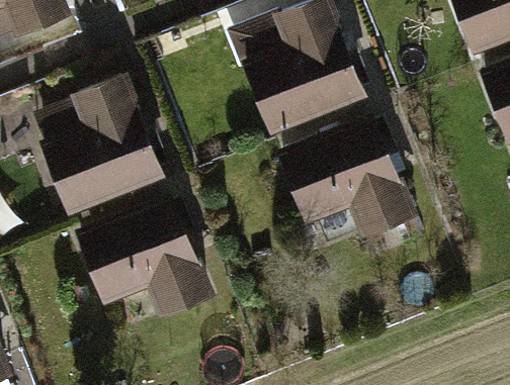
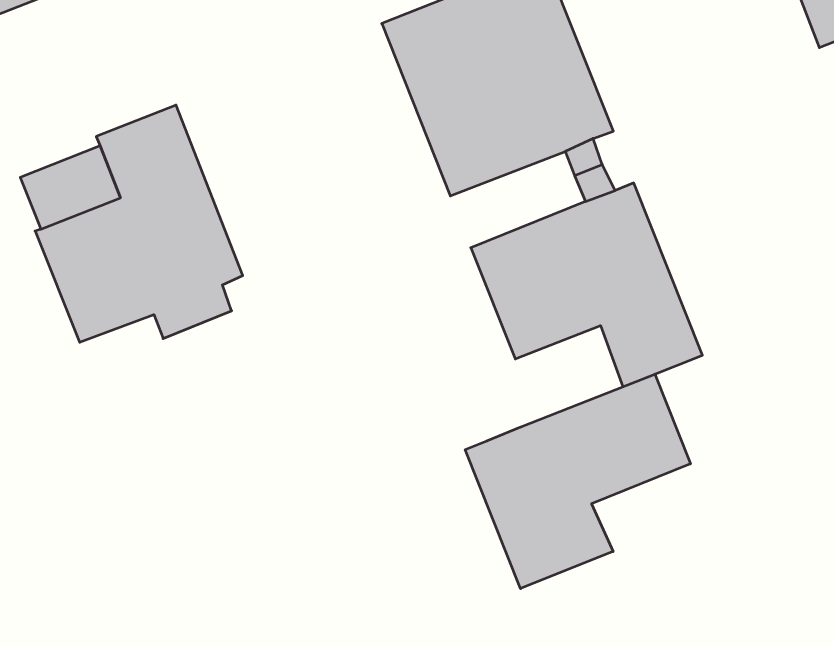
building: [83,195,209,316] -> none
building: none -> [465,374,690,589]

